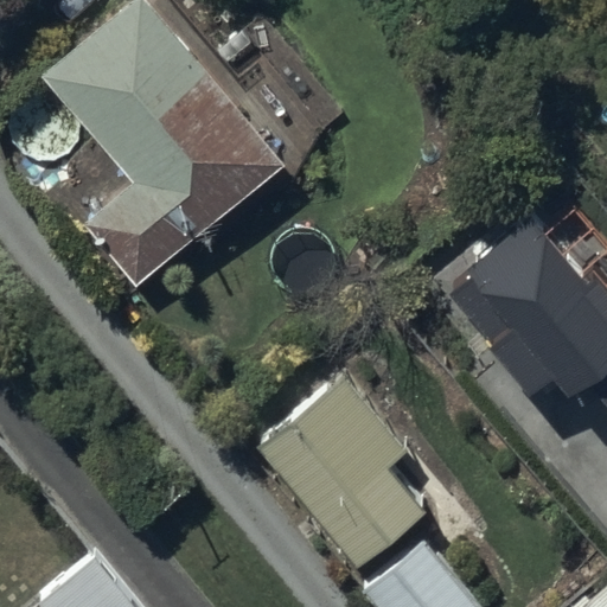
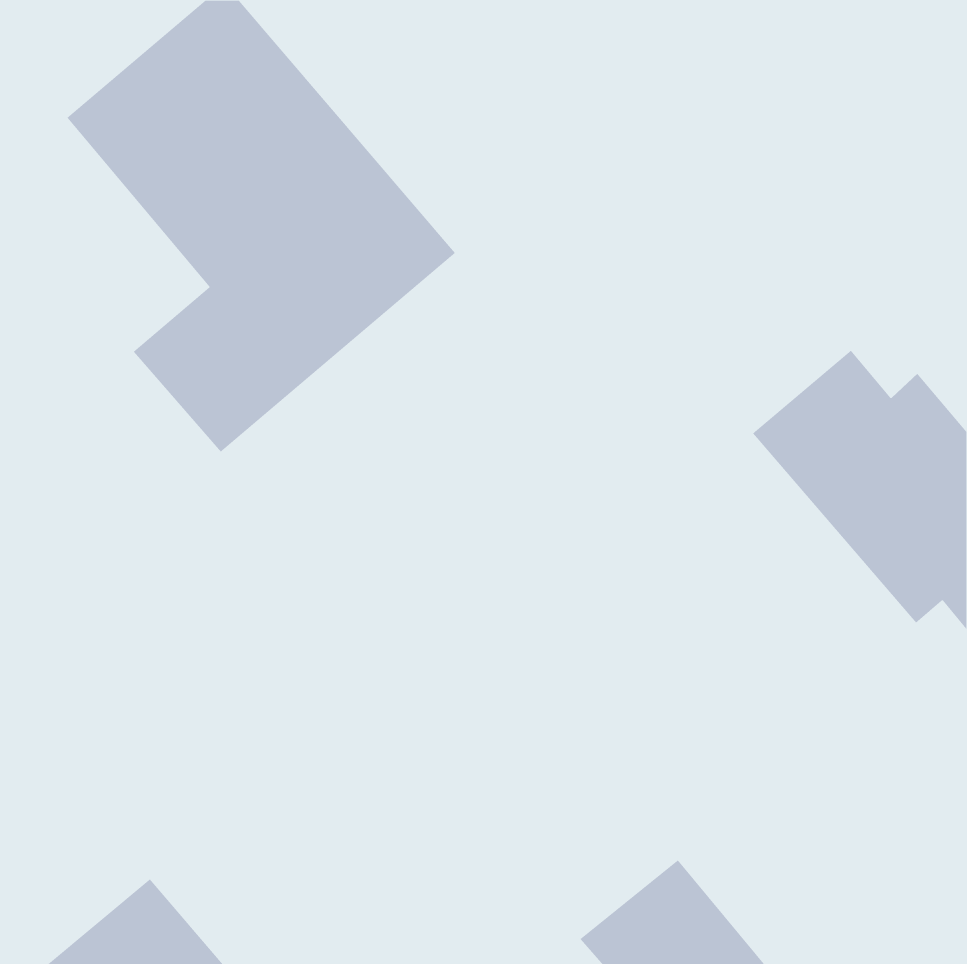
building: [257,376,427,569] -> none

